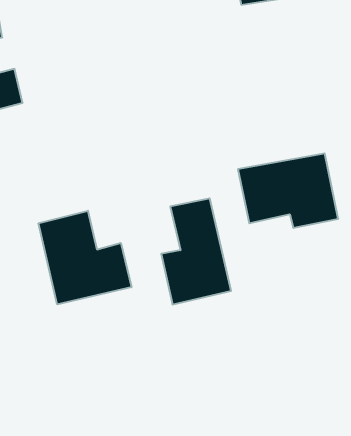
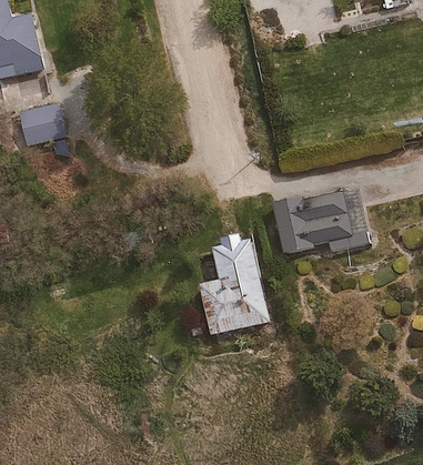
building: [39,211,131,304] -> none

